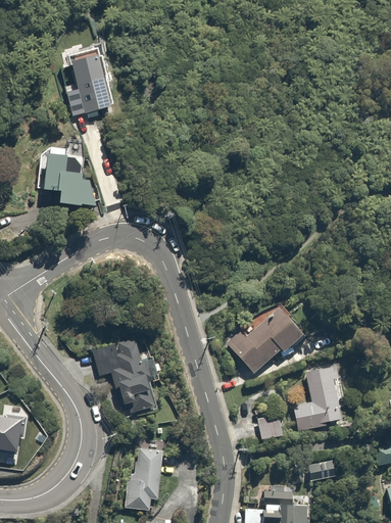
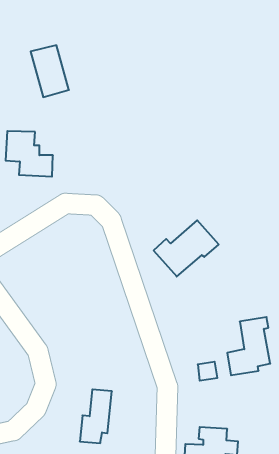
building: [227,308,301,373] -> [154,220,219,277]
building: [90,339,154,416] -> none
building: [306,456,334,480] -> none

